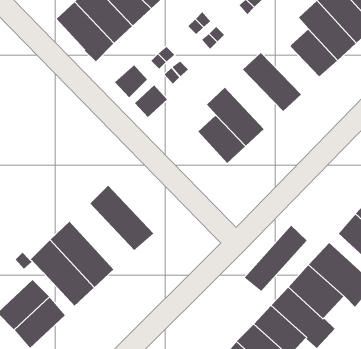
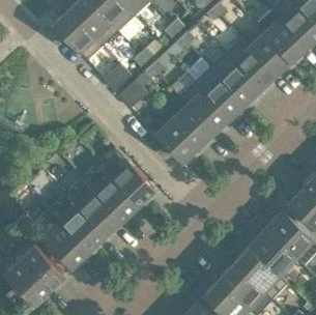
building: none -> [225,39,274,89]
building: none -> [195,68,243,118]
building: none -> [155,120,197,163]
building: none -> [97,148,152,205]
building: none -> [65,180,119,235]
building: [244,225,307,292] -> none

